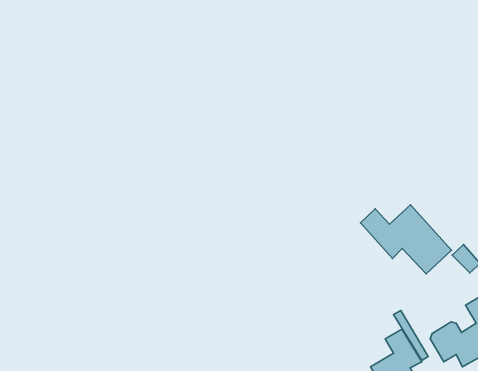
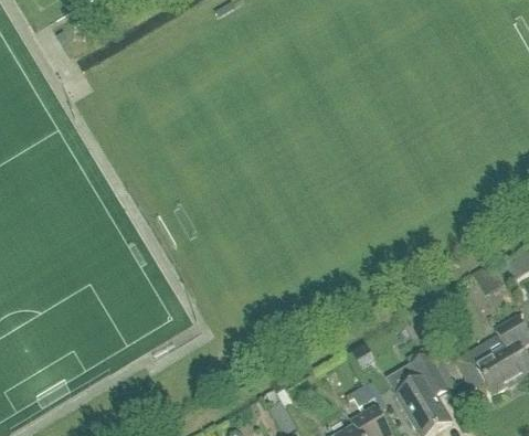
building: [361,205,452,274] -> none

